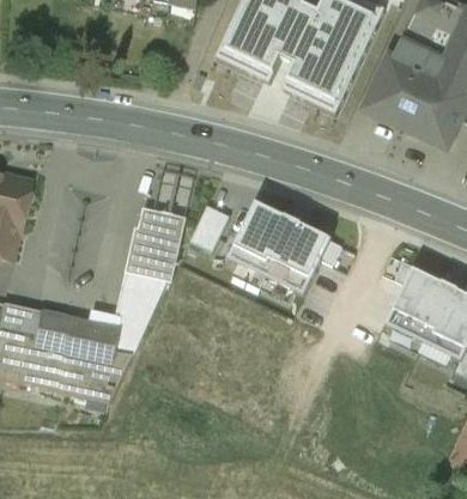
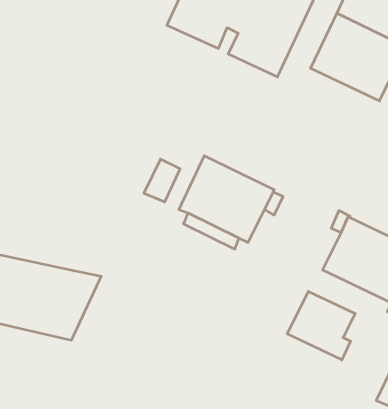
building: [114,213,186,331] -> none
building: none -> [287,291,355,360]

